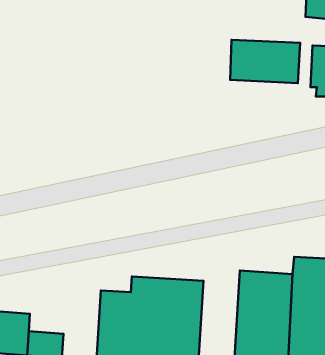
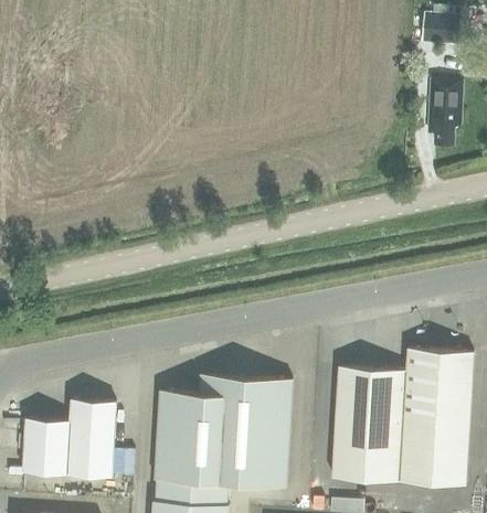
building: [230,40,300,83] -> none
building: none -> [68,402,115,449]

